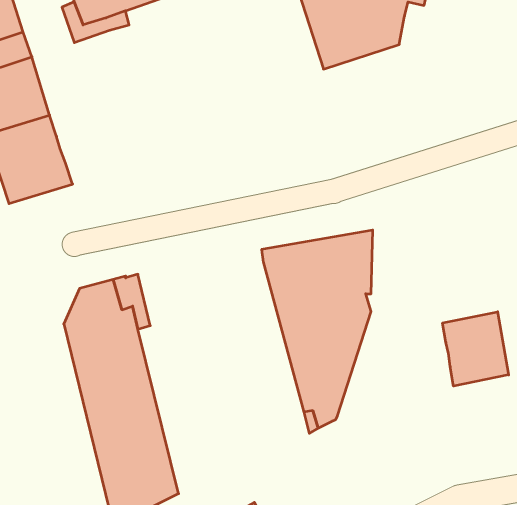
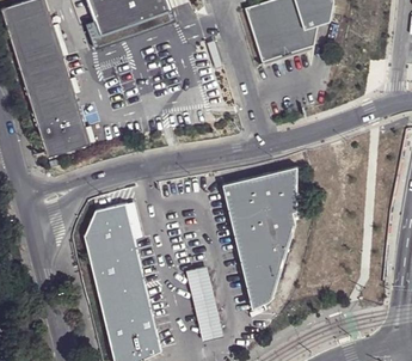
building: [443,312,509,386] -> none
building: none -> [189,273,221,338]

